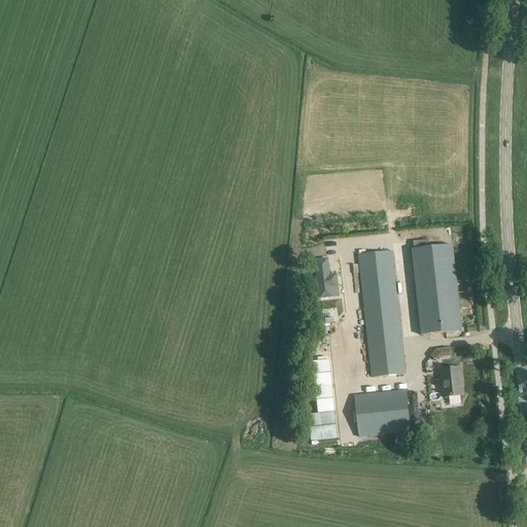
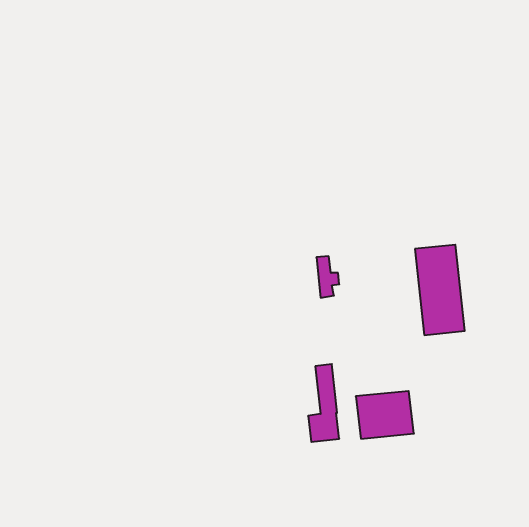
building: [357,249,406,376] -> none
building: [441,365,461,395] -> none

